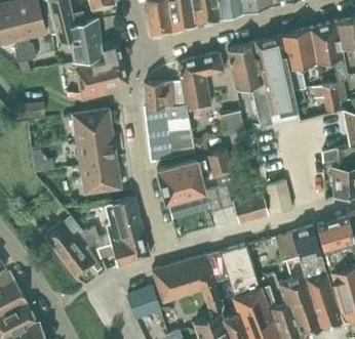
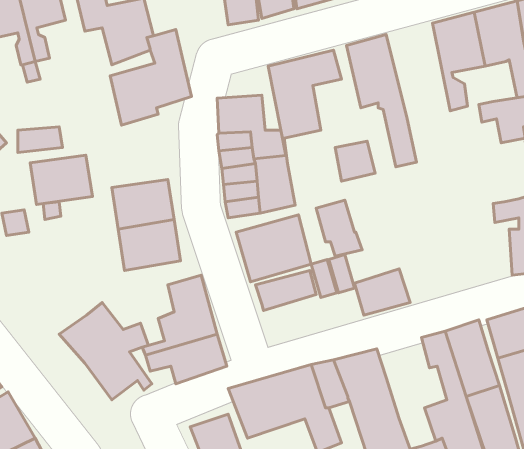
building: [254,35,299,123] -> none
building: [72,109,112,140] -> [30,155,92,204]
building: [266,180,290,212] -> none

